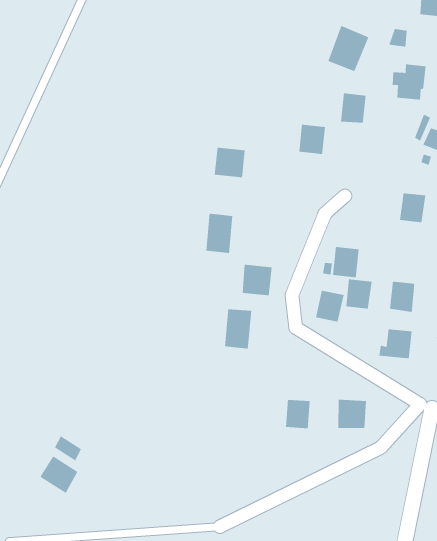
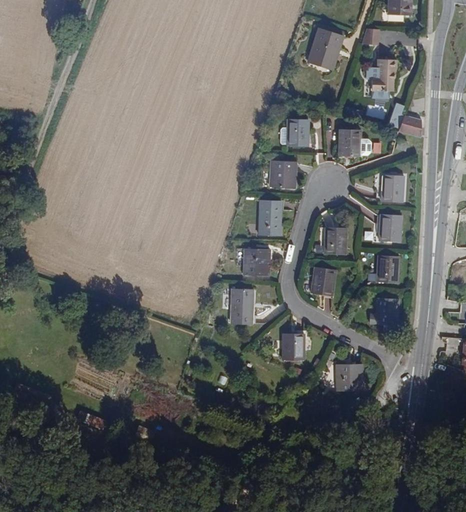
building: [340,93,366,123] -> [339,130,361,156]
building: [214,147,246,178] -> [269,161,296,187]
building: [205,213,233,254] -> [258,200,281,235]
building: [345,279,373,309] -> [378,214,401,240]
building: [285,400,310,429] -> [282,333,303,358]
building: [40,455,78,494] -> none

